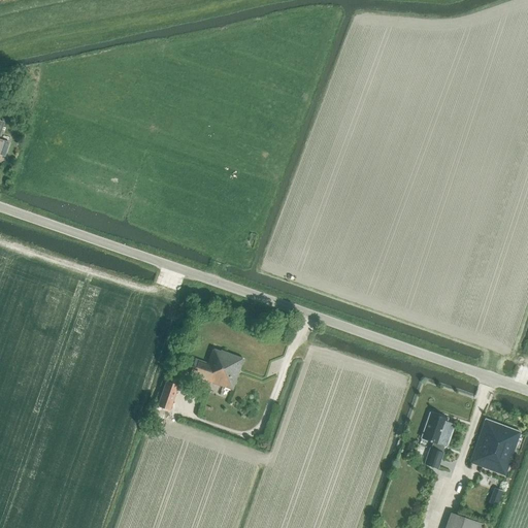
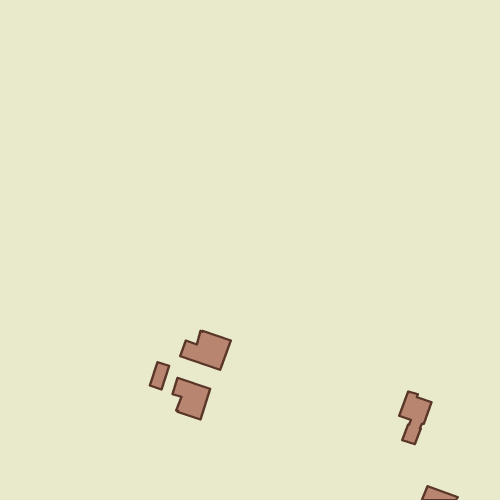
building: none -> [173,378,210,419]
building: [470,419,521,475] -> none

